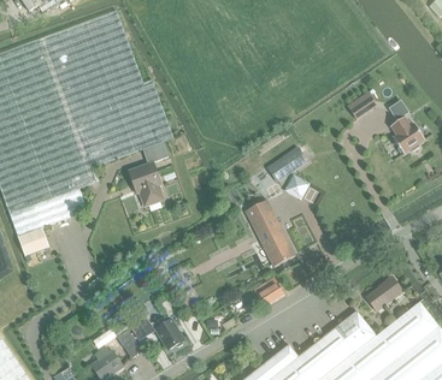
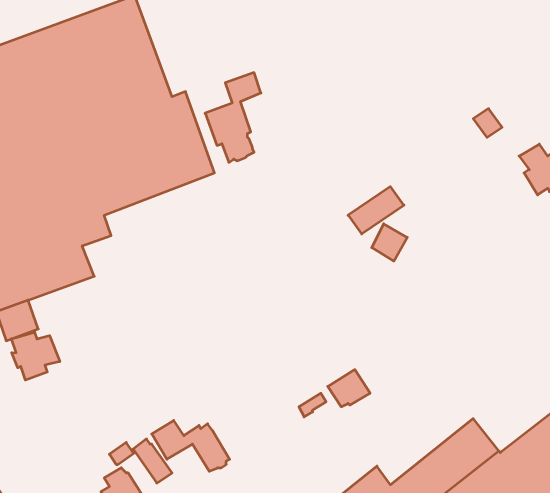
building: [128,142,167,206] -> [205,73,261,162]
building: [246,198,295,267] -> none
building: none -> [11,332,60,380]
building: [365,278,401,311] -> none

